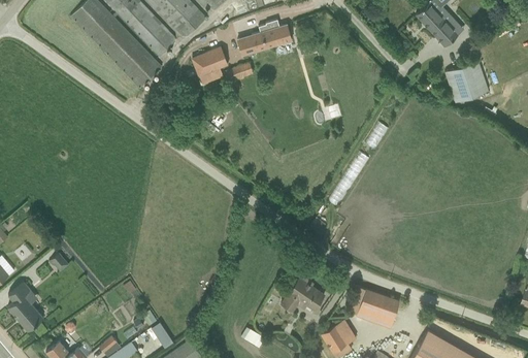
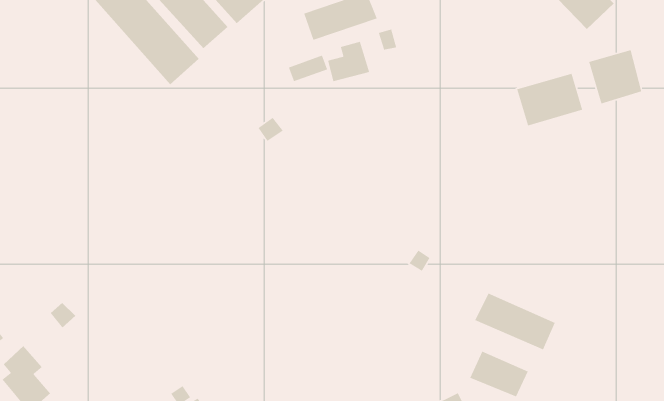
building: [193,45,225,76] -> [327,41,370,82]
building: none -> [516,73,583,126]
building: none -> [474,293,556,350]
building: [282,272,329,306] -> none

